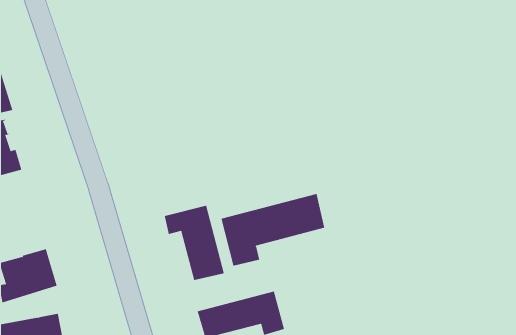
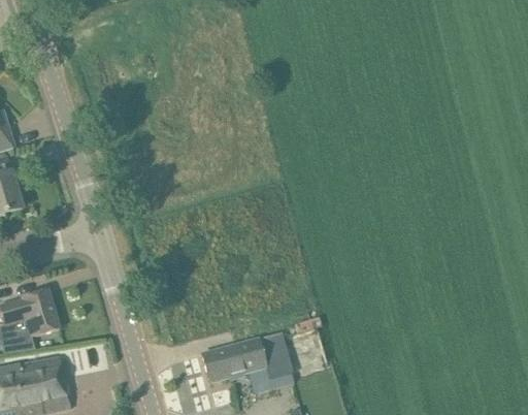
building: [221,193,325,267] -> none
building: [164,205,224,281] -> none

